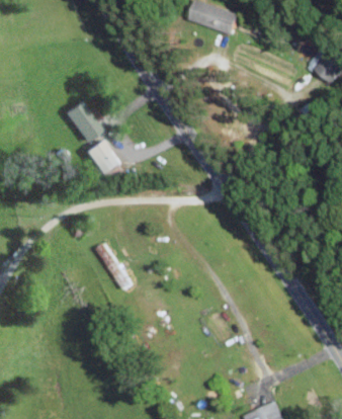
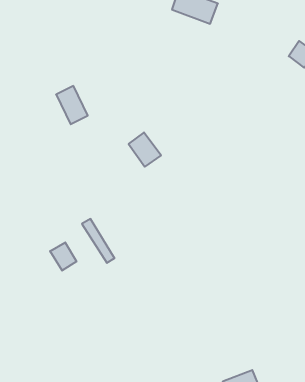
building: [86,140,120,176] -> [129,132,161,167]
building: none -> [50,242,76,271]

